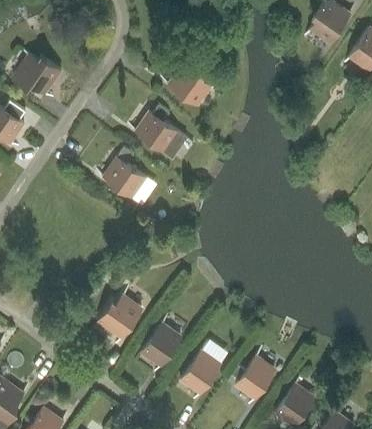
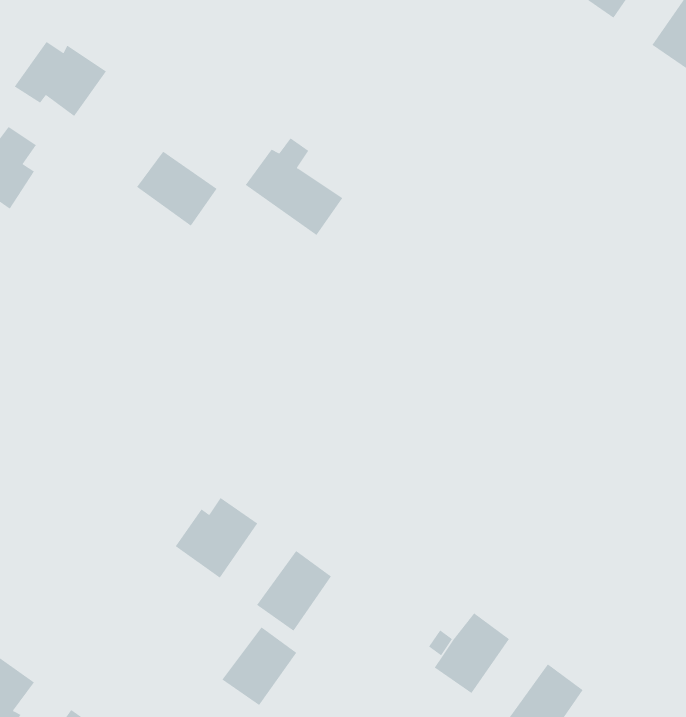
building: [168,61,211,105] -> none
building: [103,158,146,198] -> [136,151,218,227]
building: [180,352,220,394] -> [222,626,297,706]

